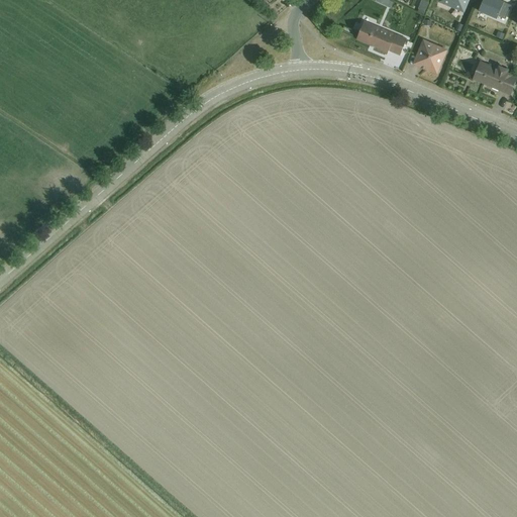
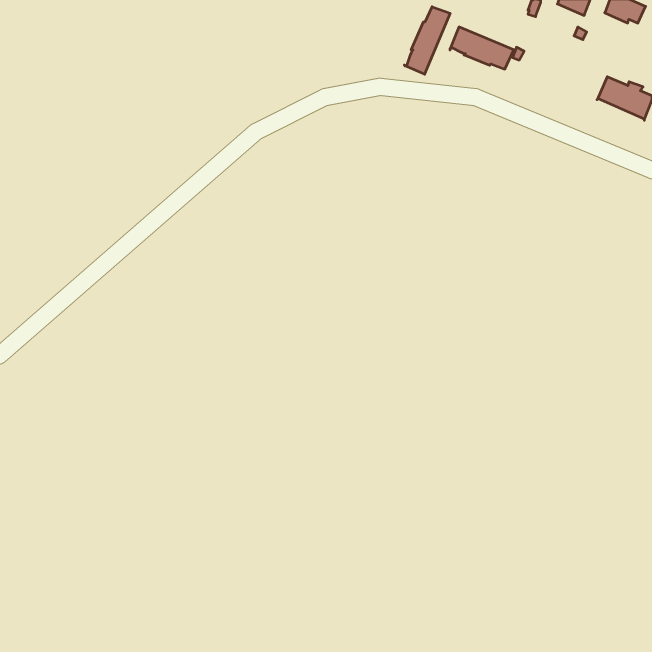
building: none -> [404,7,450,74]
building: [413,39,445,73] -> none

